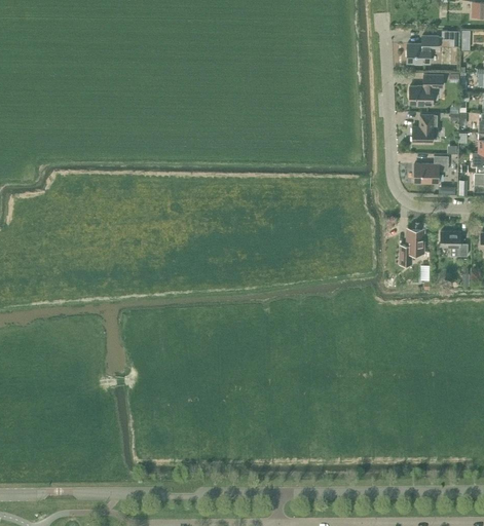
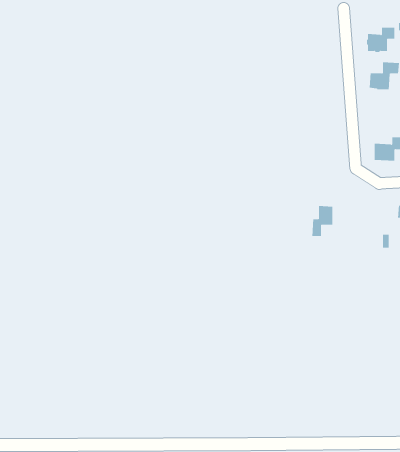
building: [412,114,439,143] -> none
building: [400,230,423,264] -> [311,206,333,237]

